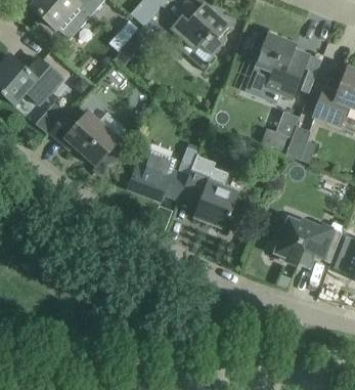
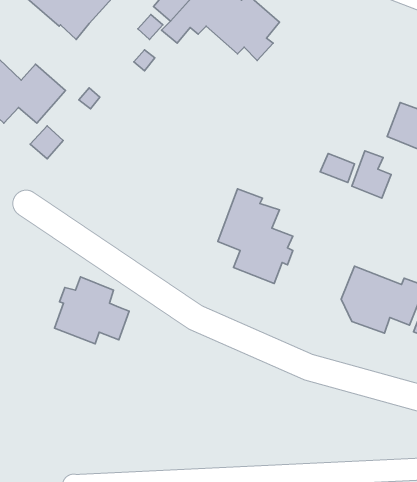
building: [247,33,321,98] -> none
building: [50,112,120,166] -> none
building: [129,148,187,201] -> [54,277,129,344]

